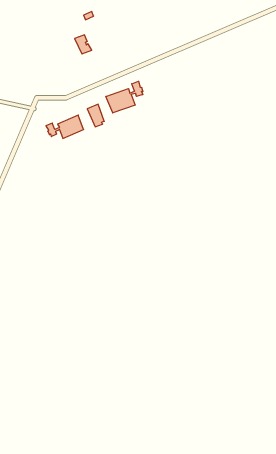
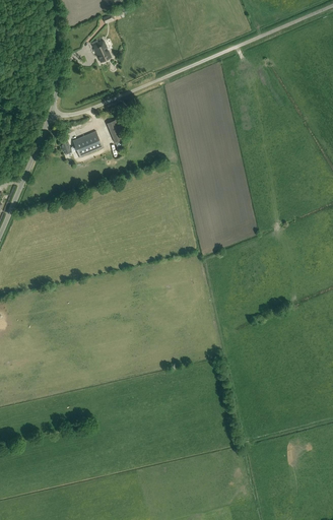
building: [106,81,143,113] -> none

